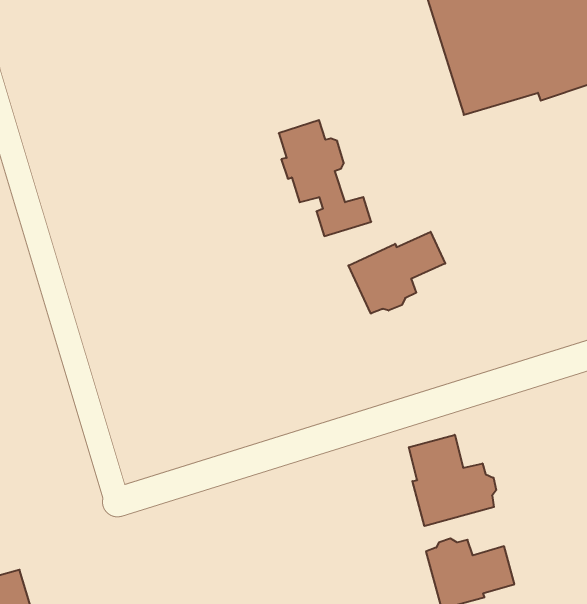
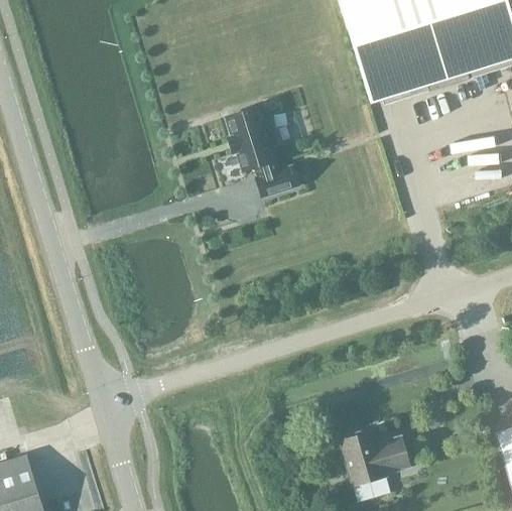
building: [348,232,445,314] -> none
building: [409,435,496,526] -> none

